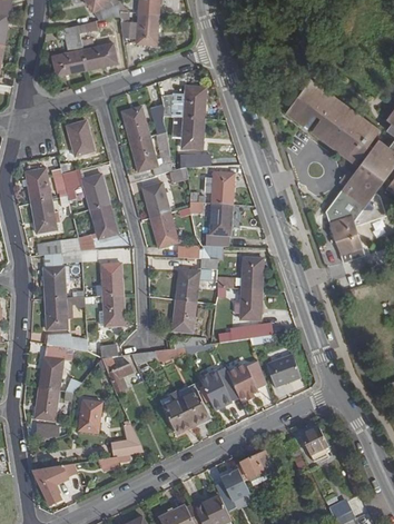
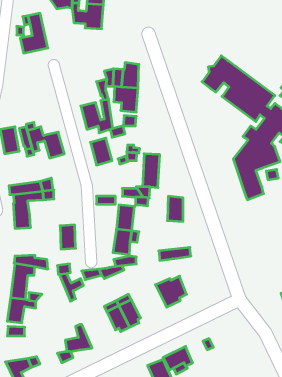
building: [78,19,117,68] -> none
building: [122,109,149,142] -> none
building: [67,122,93,156] -> none
building: [204,174,234,205] -> none
building: [32,200,59,234] -> none
building: [90,204,117,240] -> none
building: [150,212,178,248] -> none
building: [101,265,122,296] -> none
building: [234,289,262,320] -> none
building: [46,297,85,329] -> none
building: [267,355,301,387] -> none
building: [198,366,239,411] -> none
building: [79,399,102,433] -> none
building: [301,427,331,462] -> none

